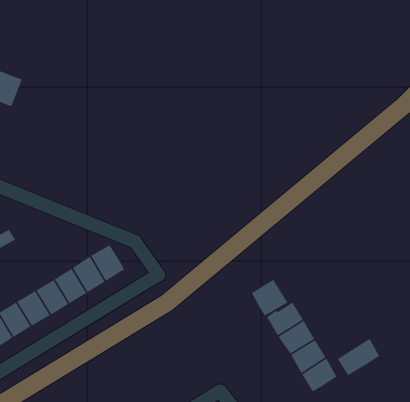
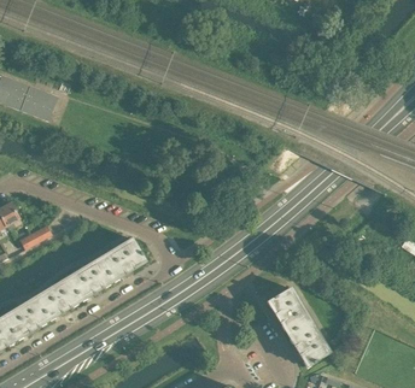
building: [251,279,288,316] -> none
building: [337,338,380,376] -> none

